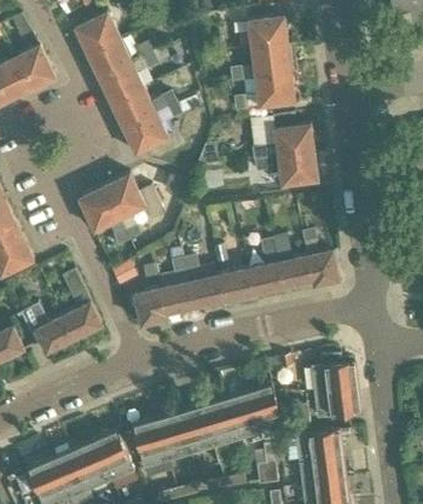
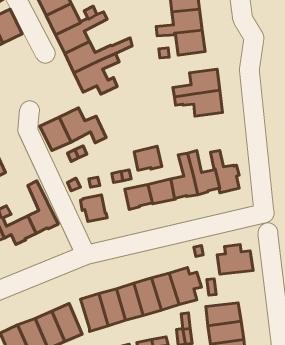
building: [160,282,196,313] -> [134,146,162,170]
building: [314,388,361,418] -> none

